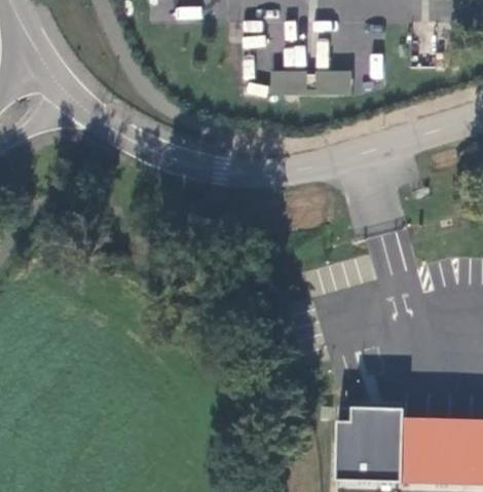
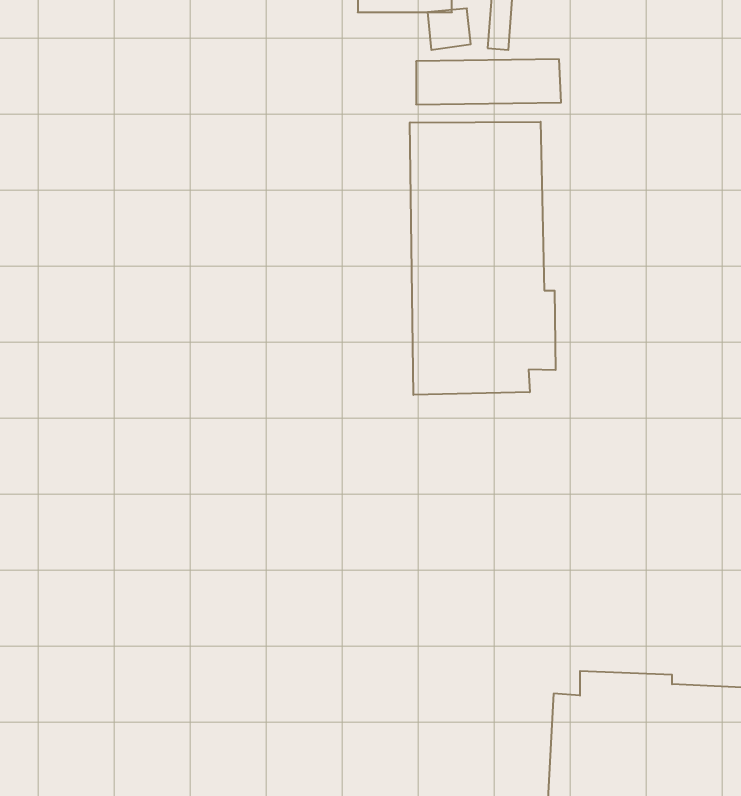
building: none -> [410,122,556,395]

